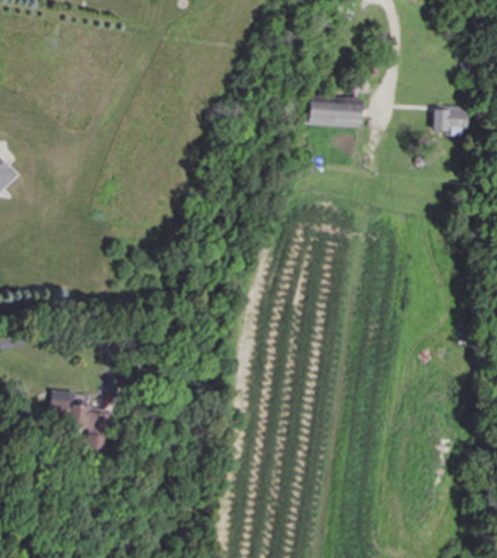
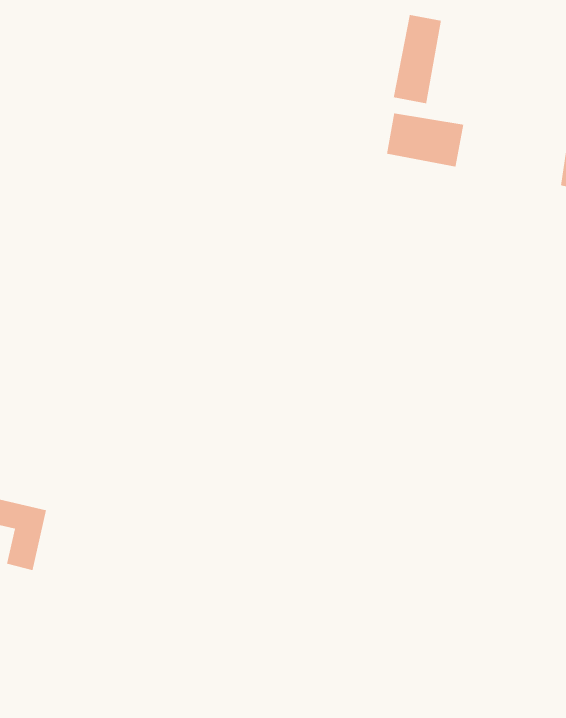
building: none -> [393,14,441,104]

